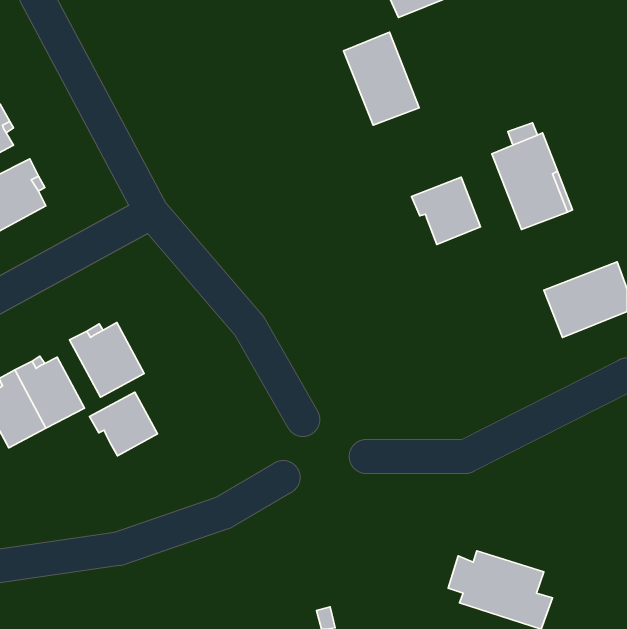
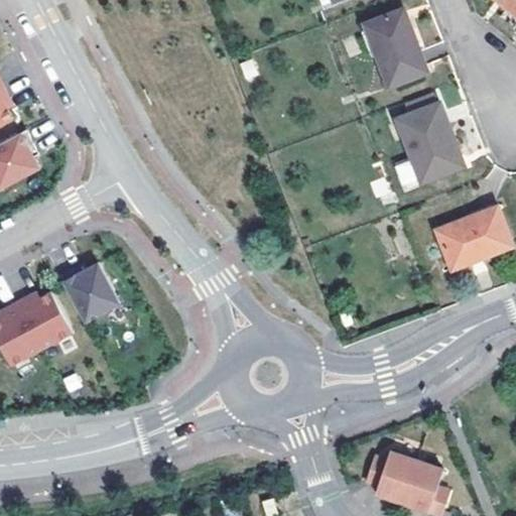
building: [343,32,419,125] -> [366,15,427,91]
building: [412,177,481,244] -> none
building: [90,392,157,456] -> none

